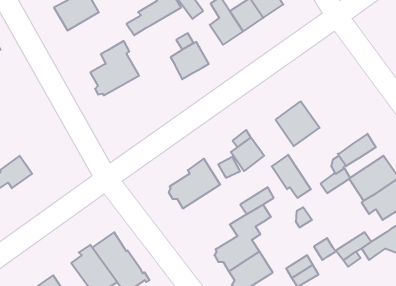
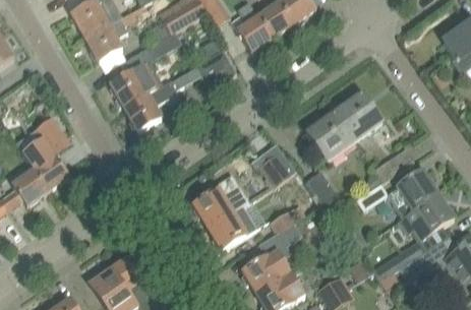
building: none -> [85,11,136,62]
building: none -> [124,76,182,131]
building: none -> [334,94,381,141]
building: none -> [22,117,70,190]
building: none -> [209,205,256,249]

